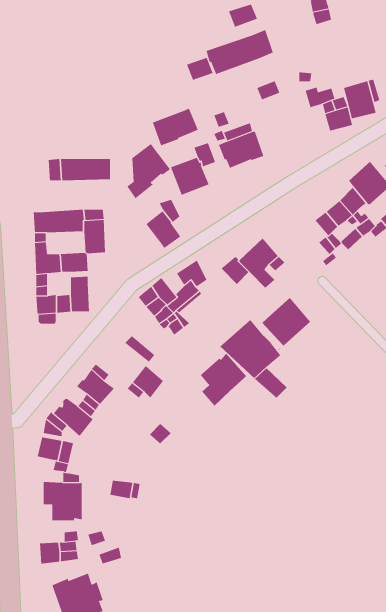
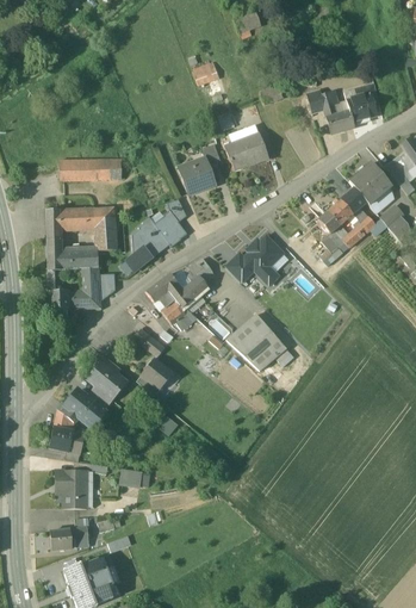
building: [206,29,274,75] -> none
building: [152,108,199,146] -> none
building: [126,143,171,199] -> [126,217,169,271]
building: [262,297,311,351] -> none
building: [200,353,247,406] -> none

